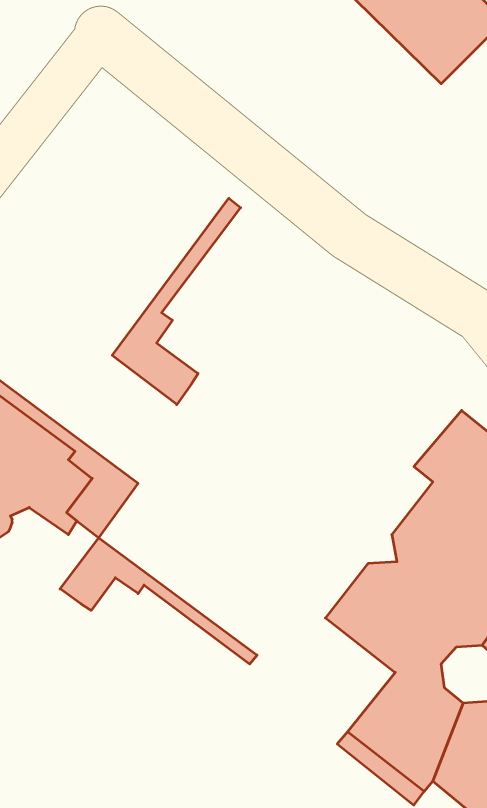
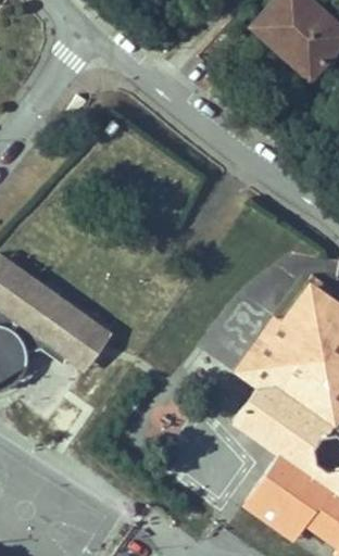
building: [112,198,241,405] -> none
building: none -> [240,315,302,383]
building: [60,538,257,664] -> none

